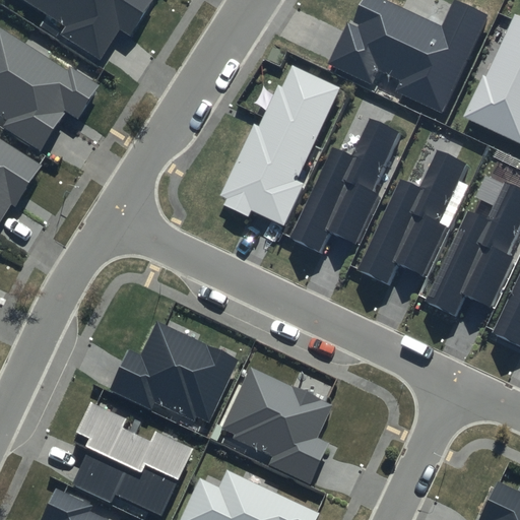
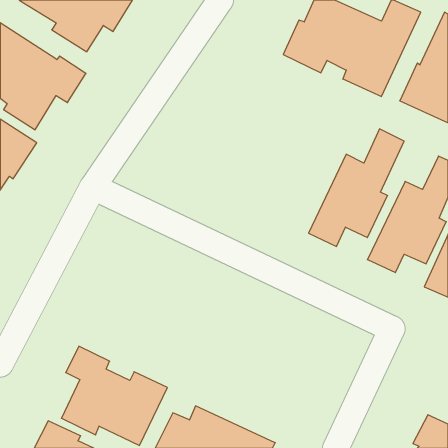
building: [219,67,338,225] -> none
building: [288,117,400,253] -> none
building: [108,322,239,424] -> none
building: [221,367,333,486] -> none

